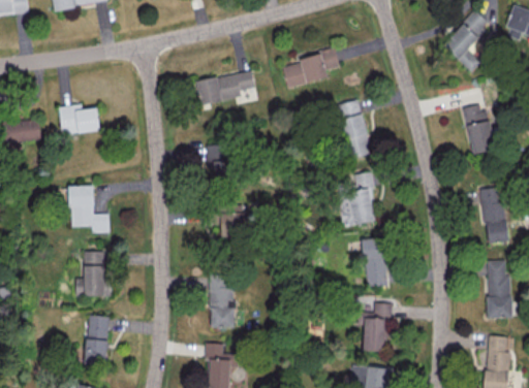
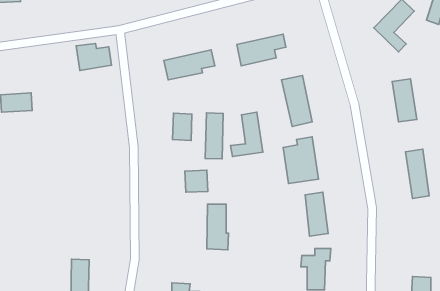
building: [58,103,99,135] -> [76,43,111,71]
building: none -> [231,112,263,157]
building: none -> [205,113,223,159]
building: [69,185,108,232] -> none
building: [75,251,107,296] -> none
building: [487,259,510,317] -> none
building: [209,273,235,327] -> [207,204,229,250]

